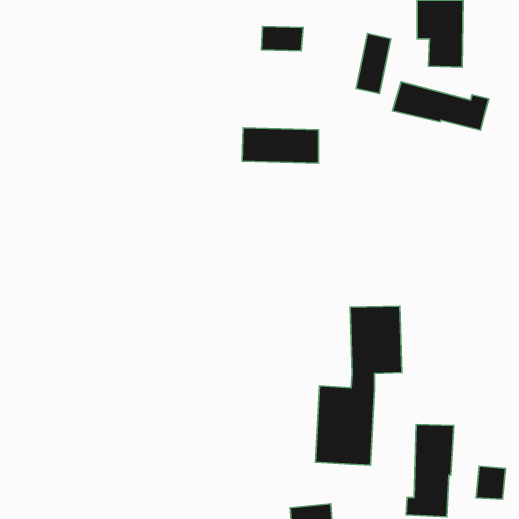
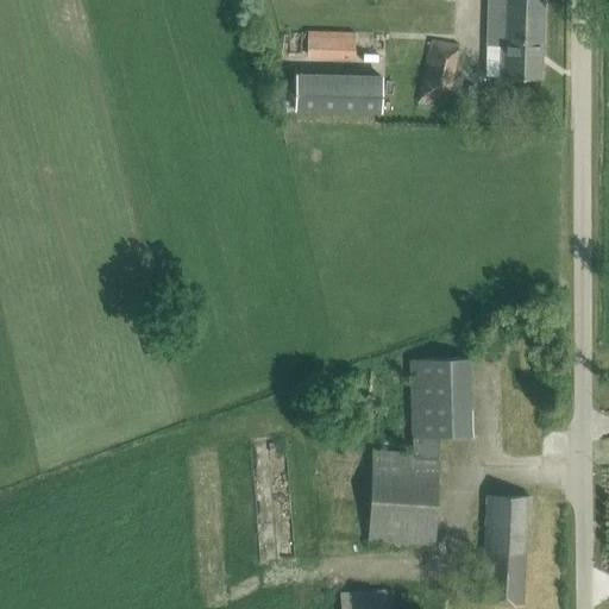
building: [393,82,489,130] -> none
building: [242,128,319,163] -> [304,71,394,113]
building: [476,466,505,499] -> none

